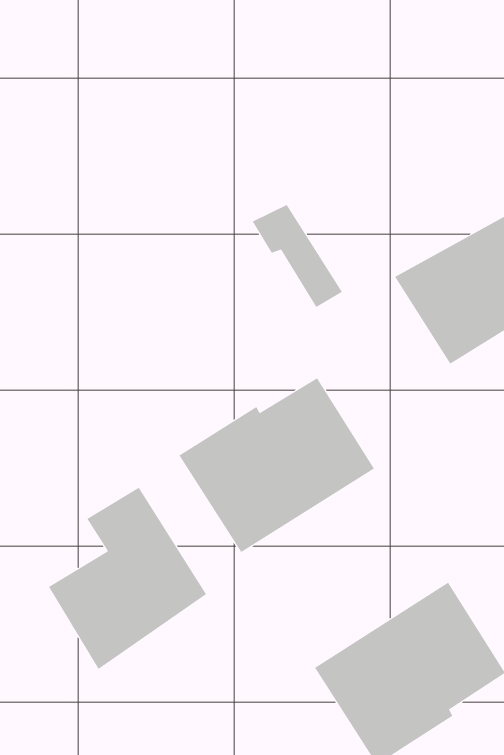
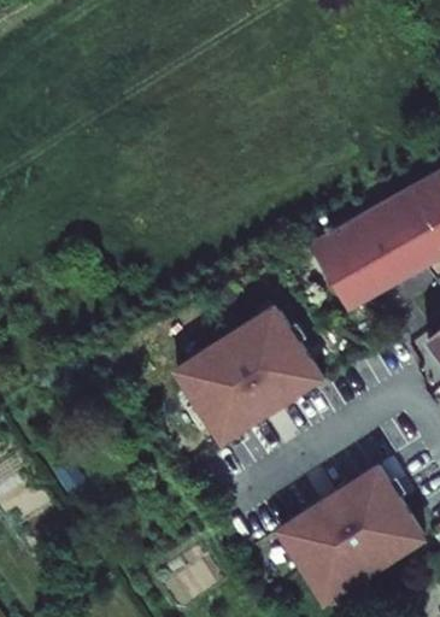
building: [252,204,343,308] -> [307,234,376,312]
building: [48,487,207,670] -> none

